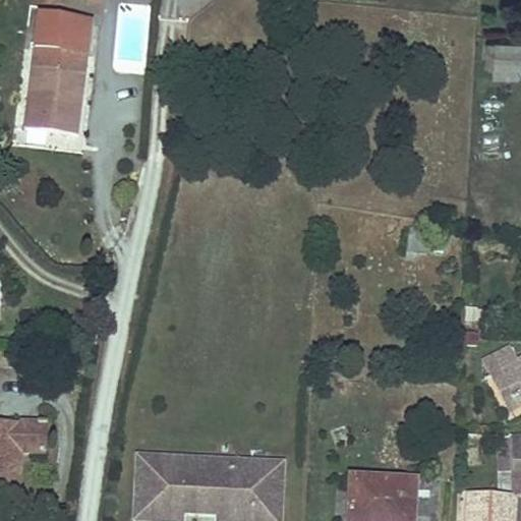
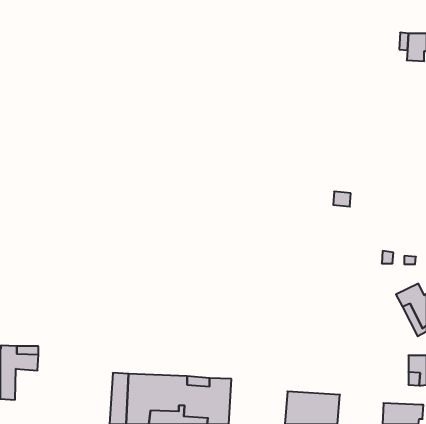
building: [25,14,92,133] -> none

